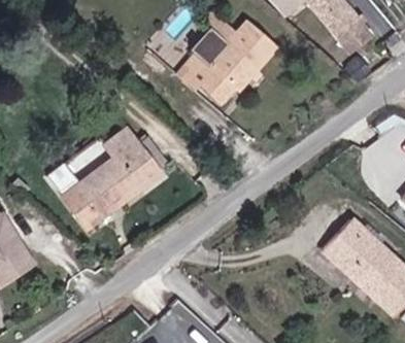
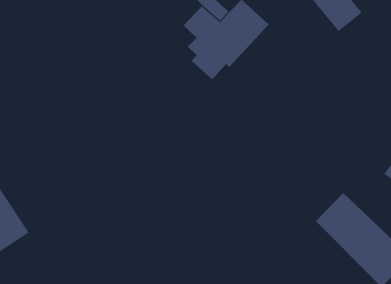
building: [66,130,160,225] -> none

